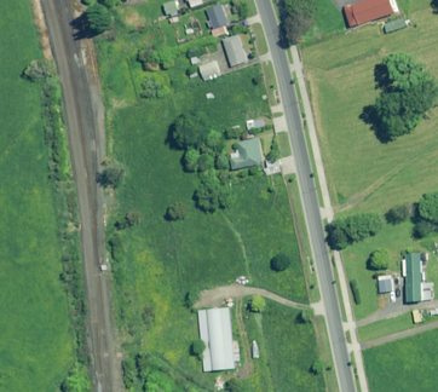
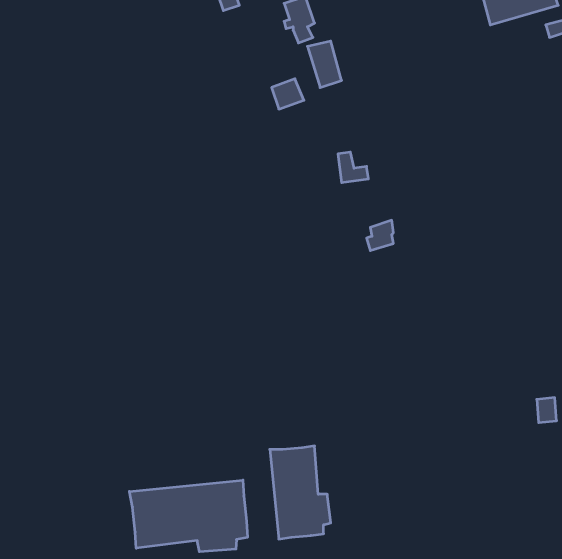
building: [230,137,264,169] -> none
building: none -> [129,480,247,552]

